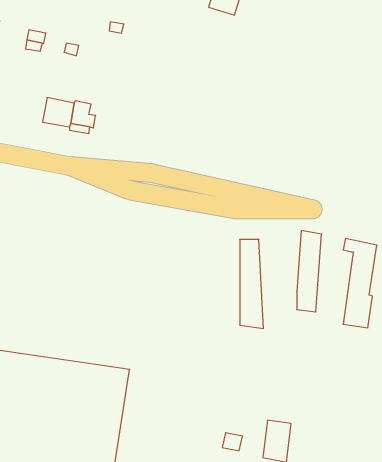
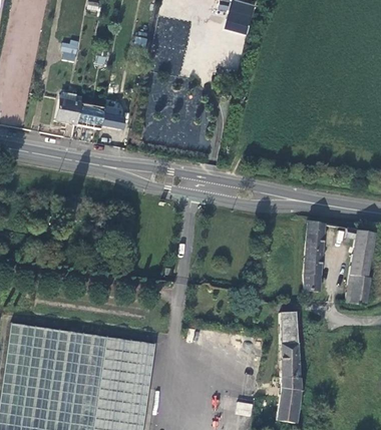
building: none -> [57,96,83,124]
building: [240,239,263,329] -> [278,313,299,392]

